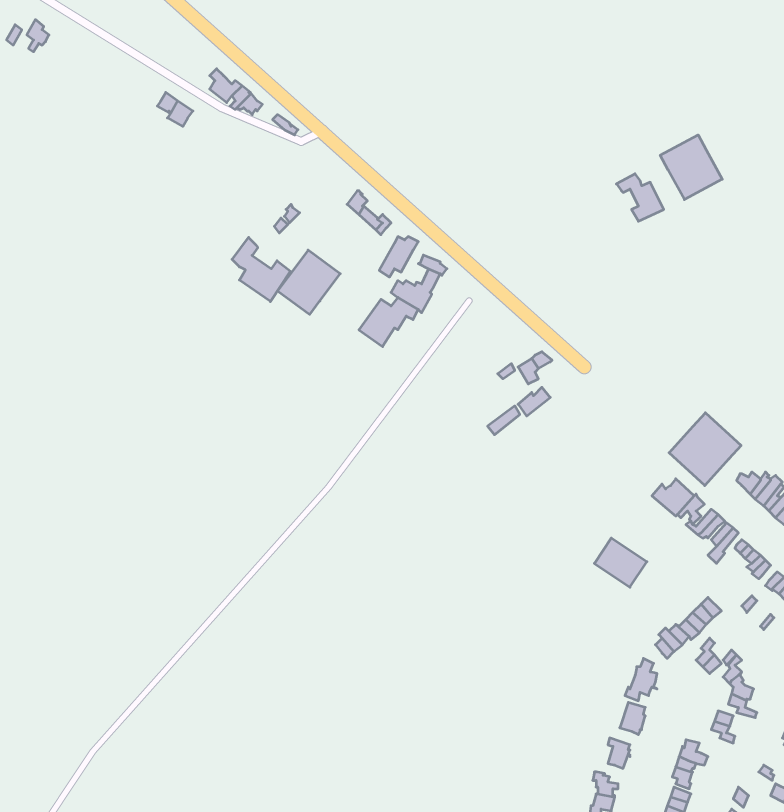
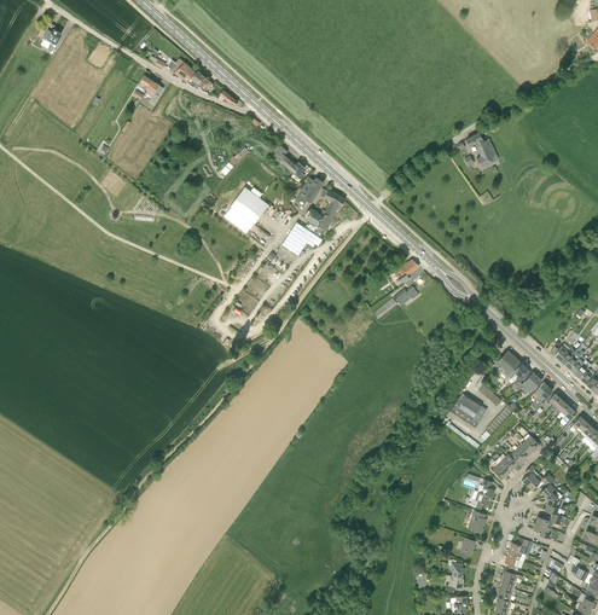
building: [660,135,722,200] -> none
building: [232,237,290,302] -> none
building: [669,413,741,486] -> none

